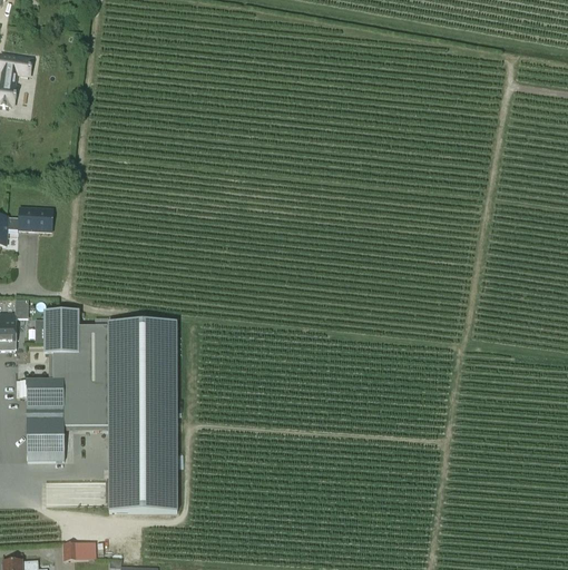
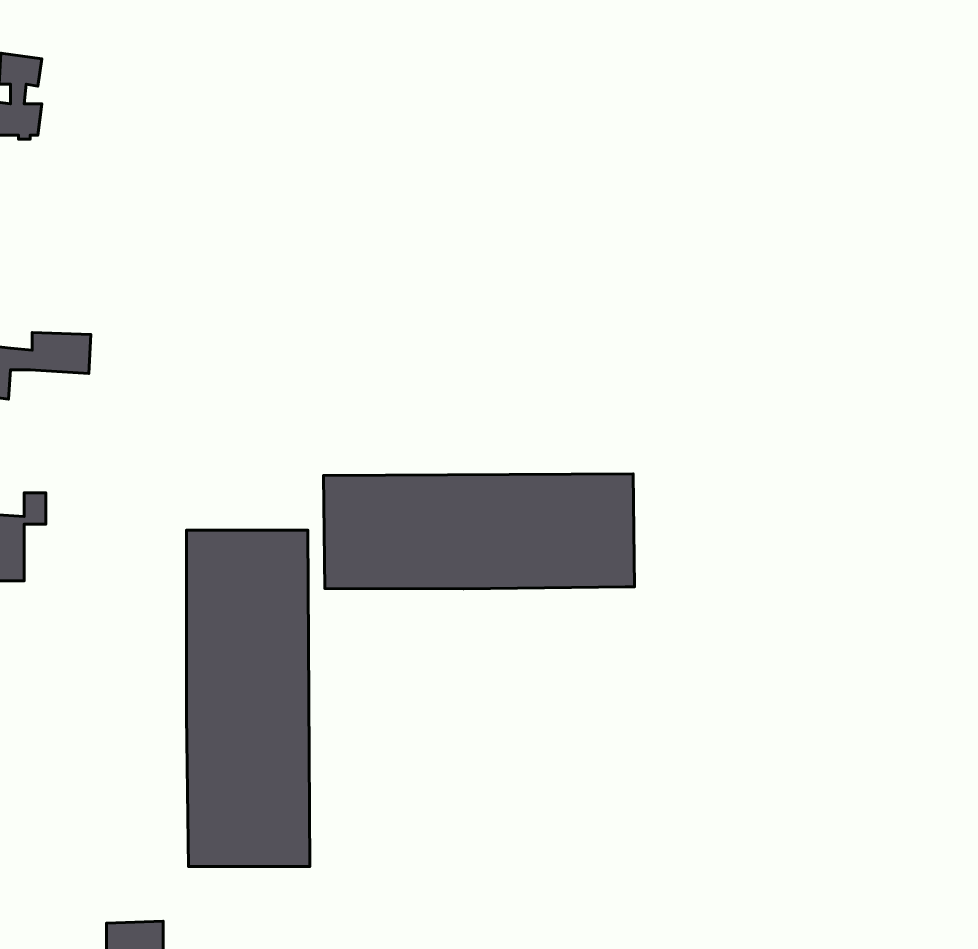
building: none -> [324,474,635,589]
building: [16,308,107,461] -> none

